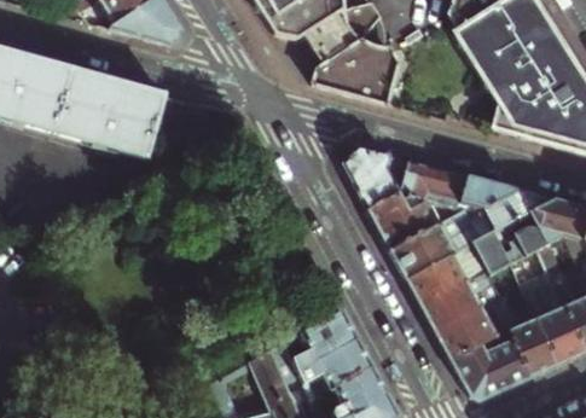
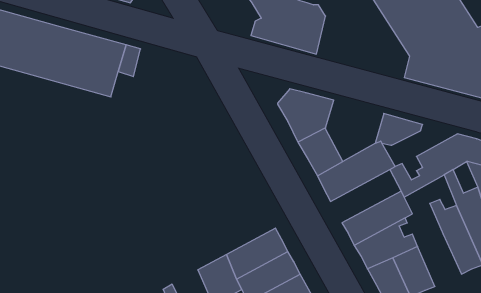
building: [400,158,469,208] -> none
building: [478,187,556,233] -> none
building: [406,240,489,303] -> none
building: [494,291,561,378] -> none

